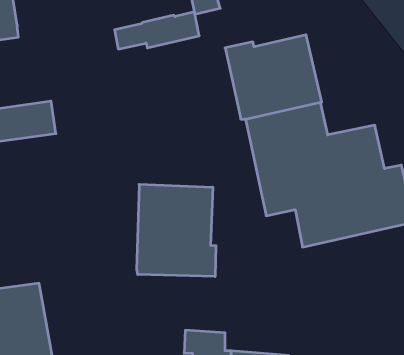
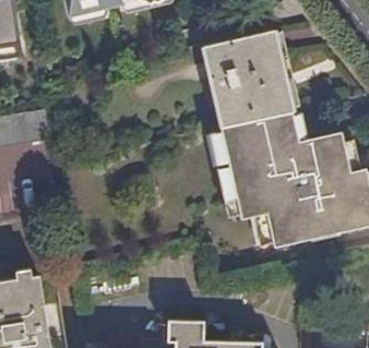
building: [115,12,199,49] -> [202,31,278,64]
building: [137,184,216,277] -> none

